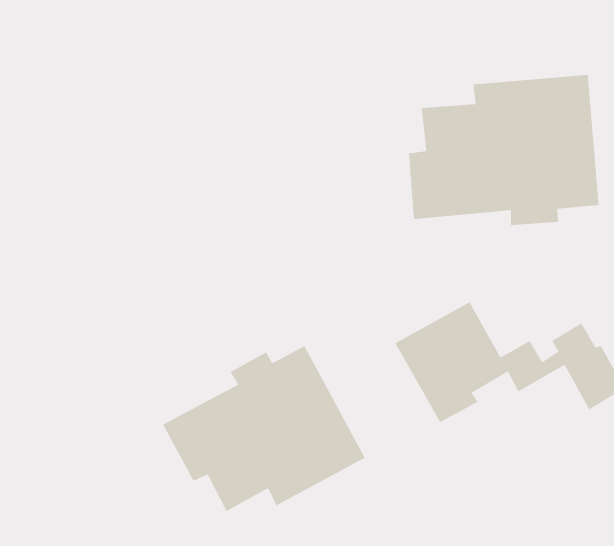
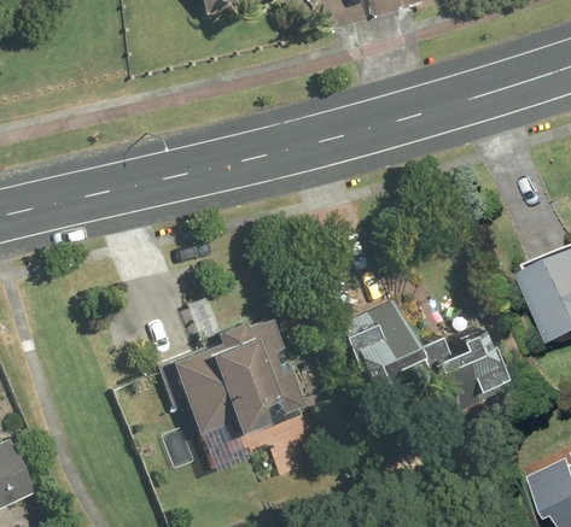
building: [408,74,599,226] -> none

